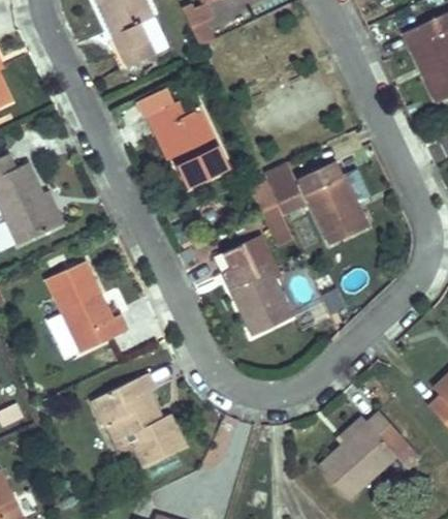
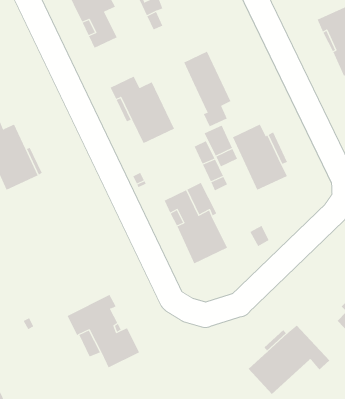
building: none -> [183,51,231,127]
building: [44,260,128,353] -> none

